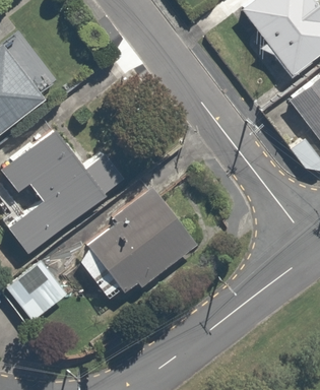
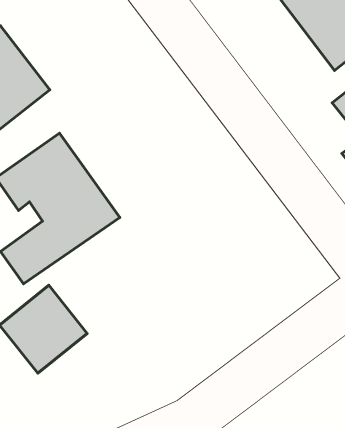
building: [79,182,197,298] -> none

